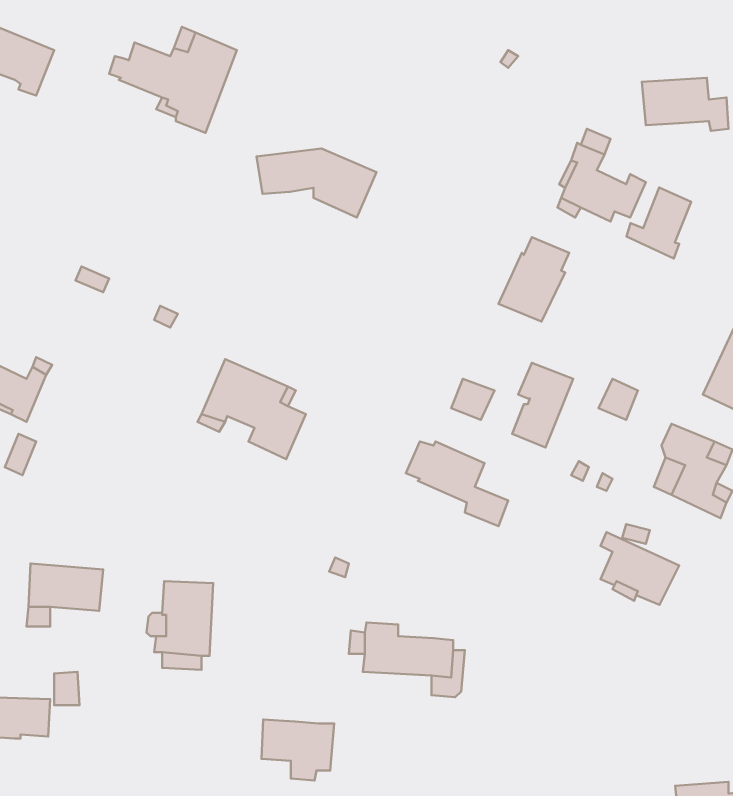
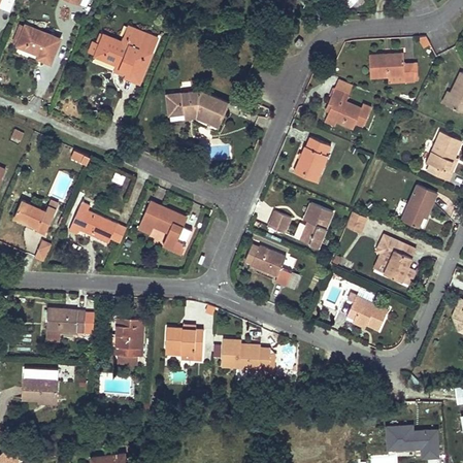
building: [627,188,691,258] -> none
building: none -> [68,203,126,242]
building: [261,719,334,780] -> [165,328,203,360]

